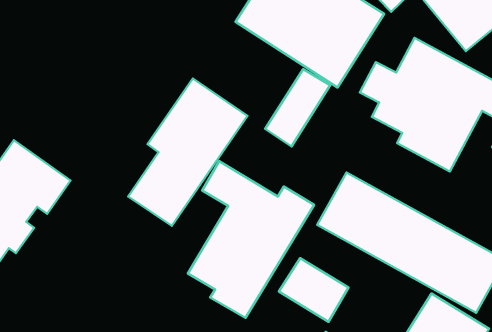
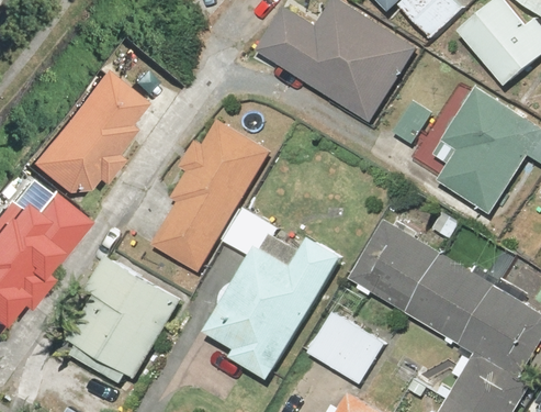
building: none -> [15,71,136,202]
building: [265,69,330,147] -> none
building: none -> [65,256,182,377]

